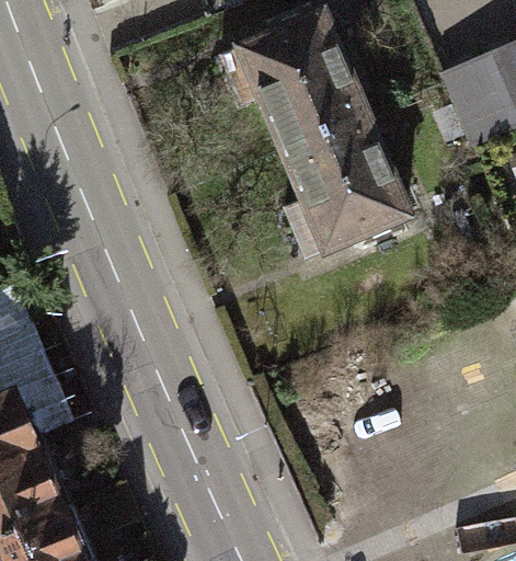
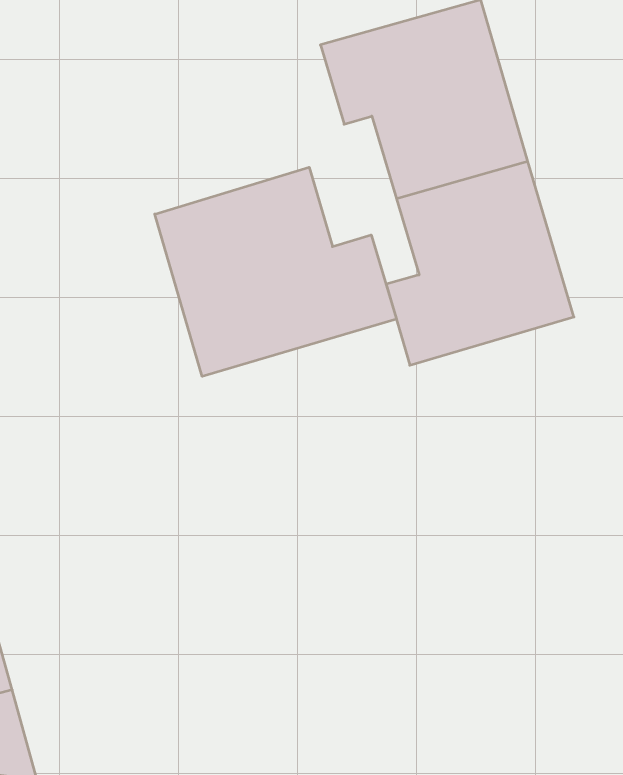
building: none -> [155,167,396,376]

